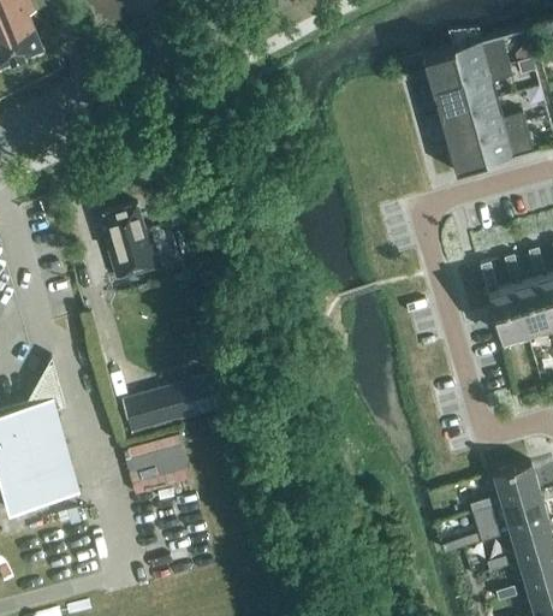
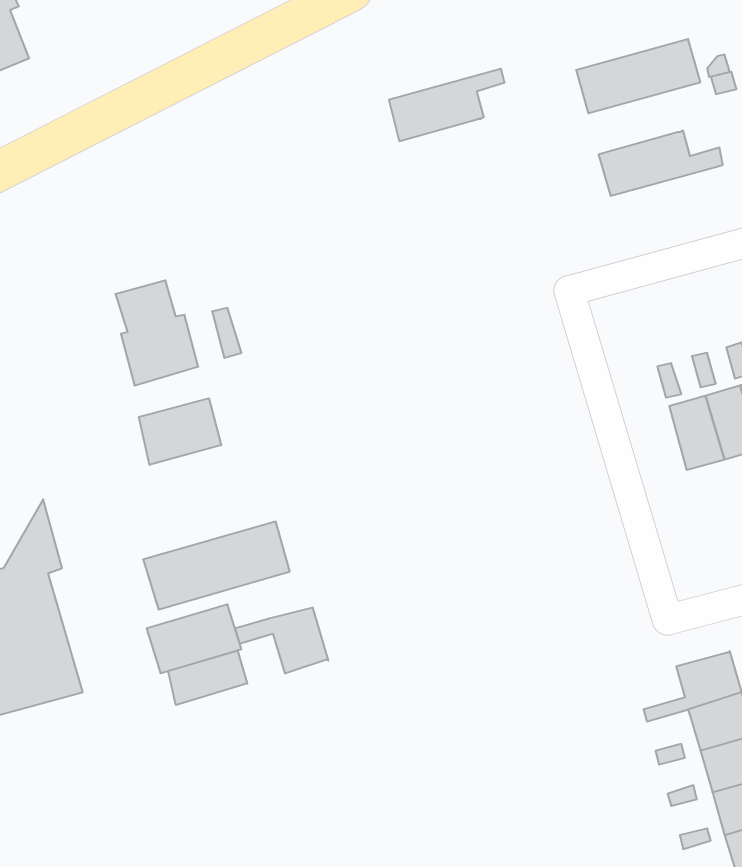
building: [432,66,512,117] -> [389,69,505,141]
building: [447,124,534,174] -> none
building: none -> [139,398,221,465]
building: none -> [235,607,328,674]
building: none -> [168,650,247,705]

